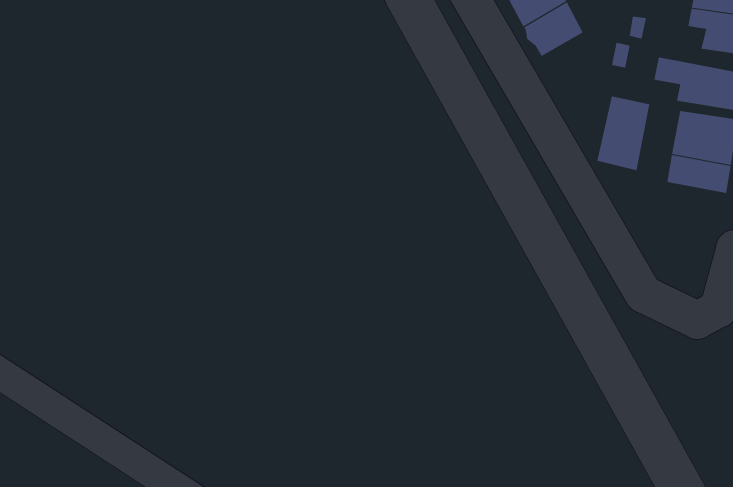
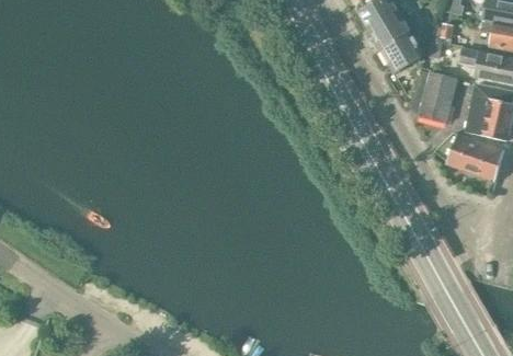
building: none -> [383,32,423,71]
building: none -> [438,135,505,181]

